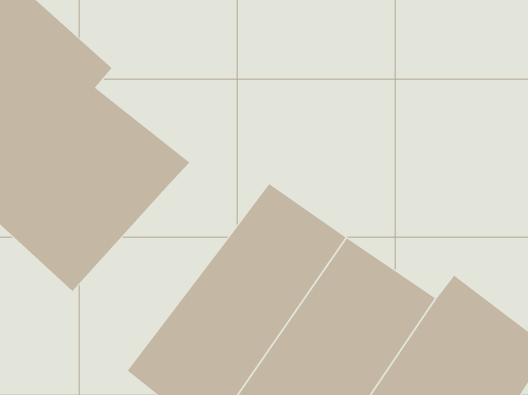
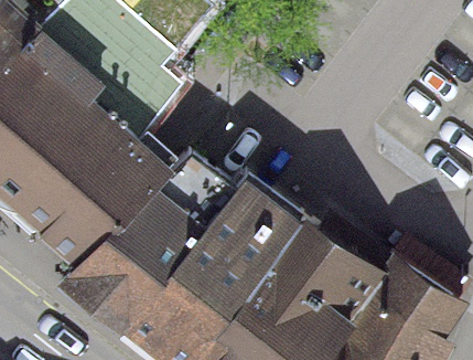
building: none -> [51,168,200,327]

